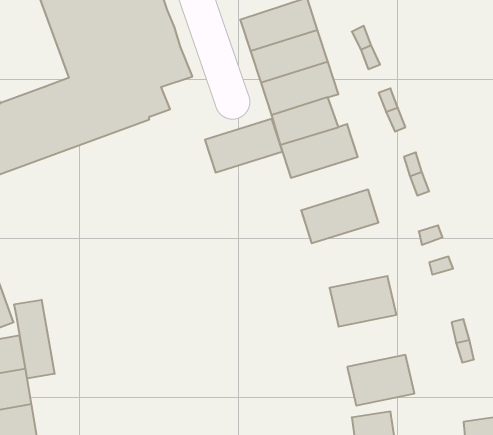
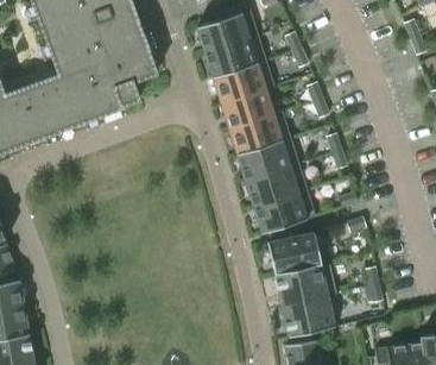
building: [205,119,282,172] -> [236,137,298,180]
building: none -> [253,189,315,233]
building: [14,300,55,379] -> none
building: none -> [274,260,336,304]

